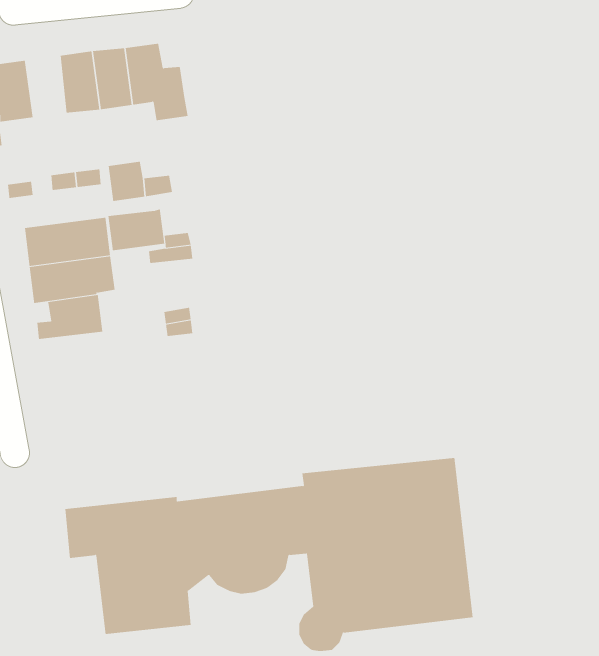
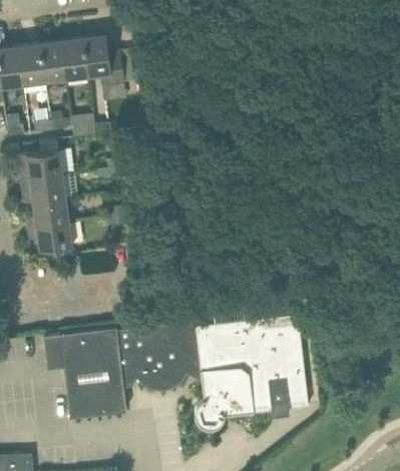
building: none -> [18,43,46,94]
building: [108,209,165,251] -> none
building: none -> [26,221,72,260]

